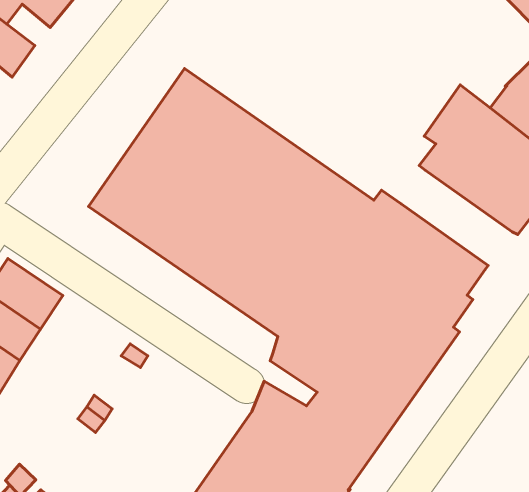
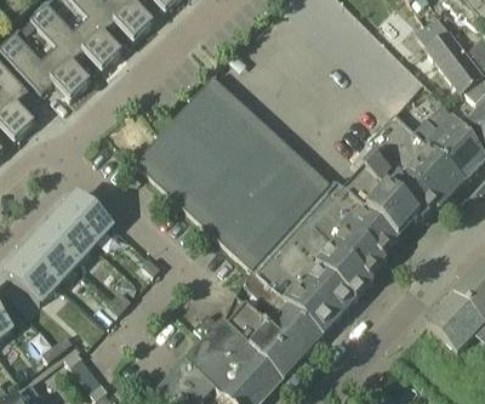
building: none -> [347,167,420,238]

